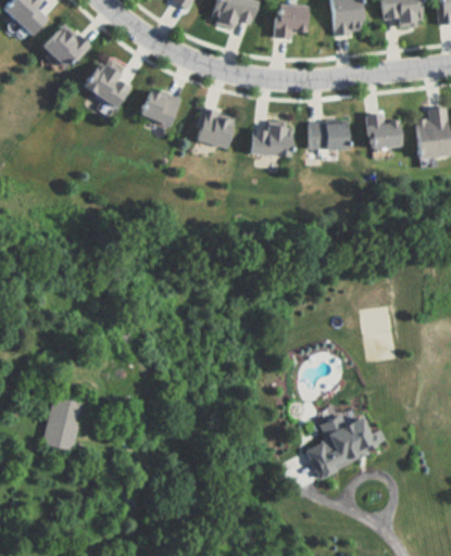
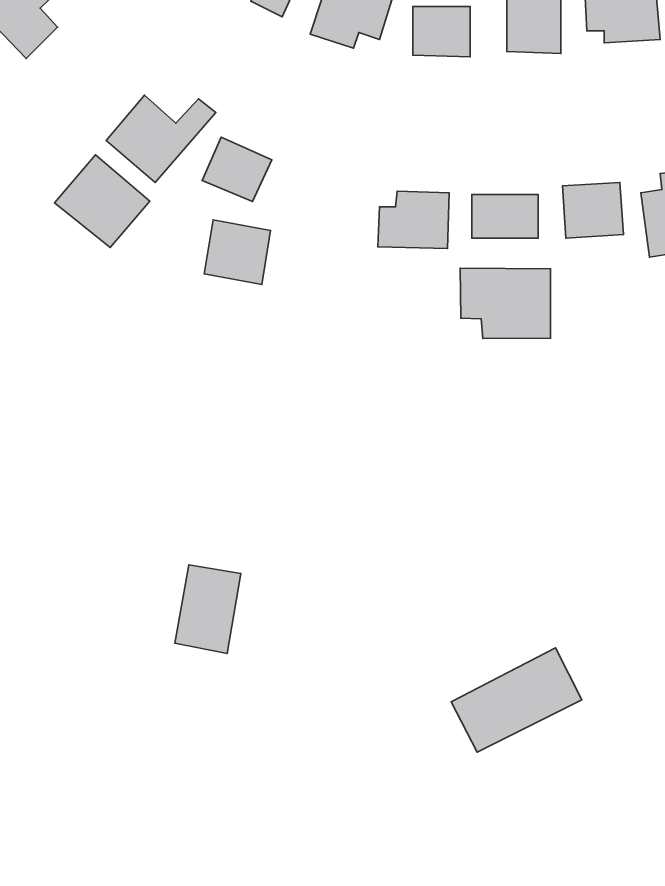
building: [42,22,92,72] -> none
building: none -> [55,155,150,248]
building: [197,109,238,149] -> [204,220,270,284]
building: none -> [460,268,551,338]
building: [46,395,87,451] -> [175,565,241,654]

